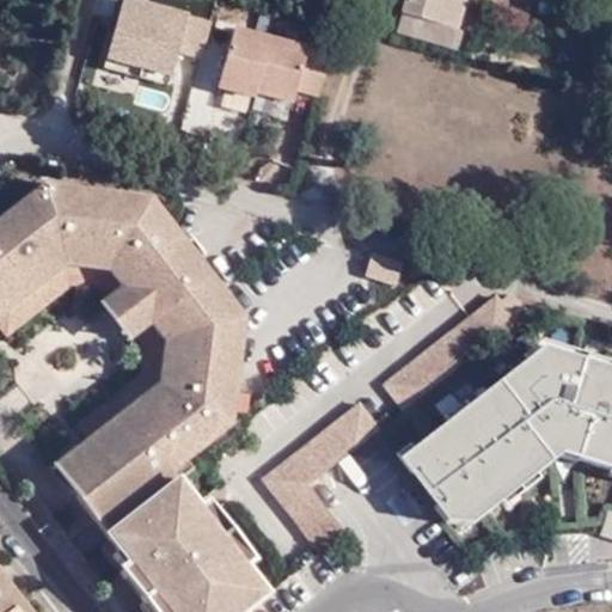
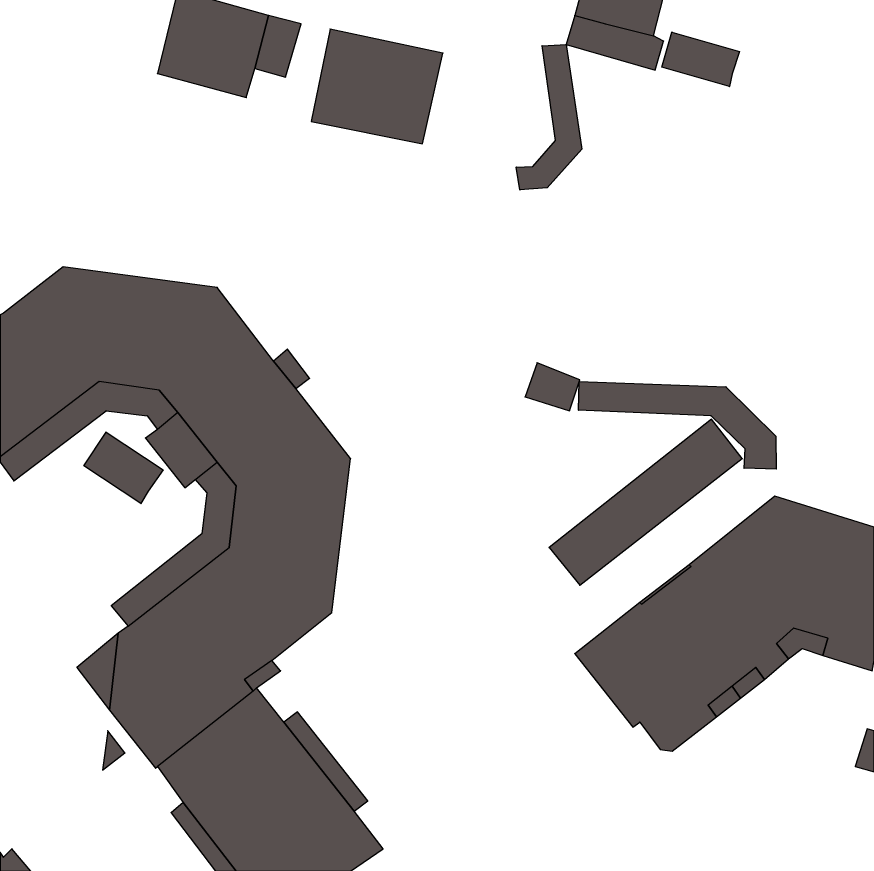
building: none -> [662,32,739,87]
building: none -> [516,44,582,190]
building: none -> [579,381,776,469]
building: none -> [84,432,163,504]
building: [262,399,381,551] -> none

